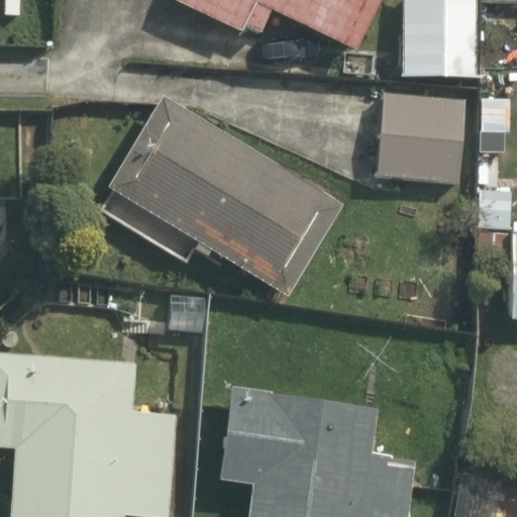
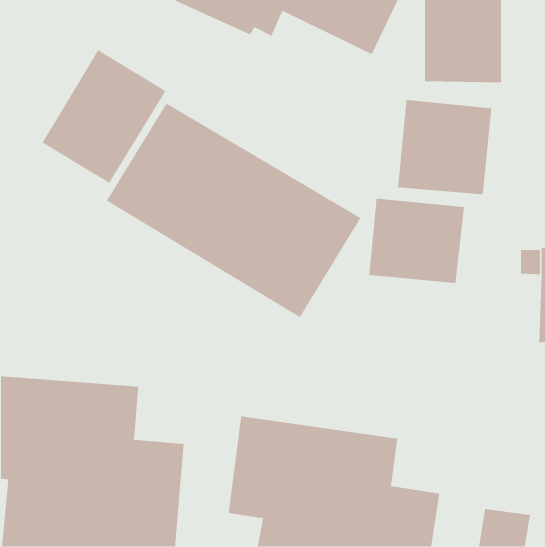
building: none -> [41,49,167,184]
building: none -> [369,198,465,284]

